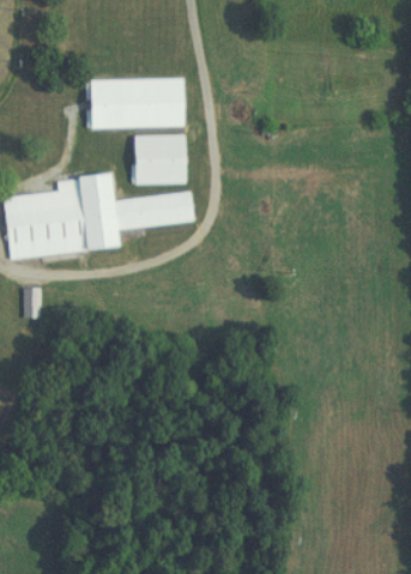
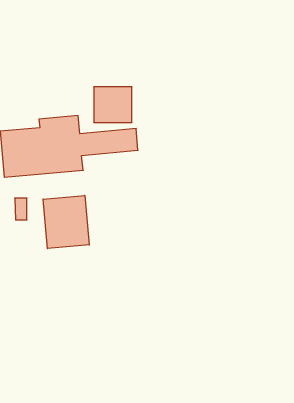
building: [87,77,183,127] -> none
building: none -> [43,195,89,249]

